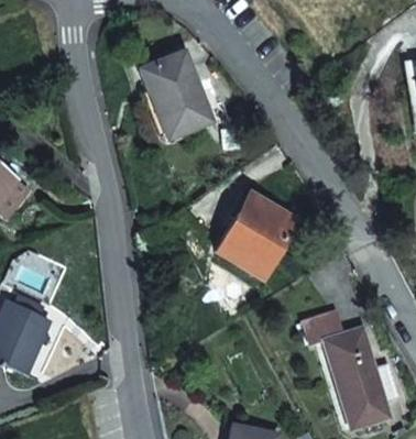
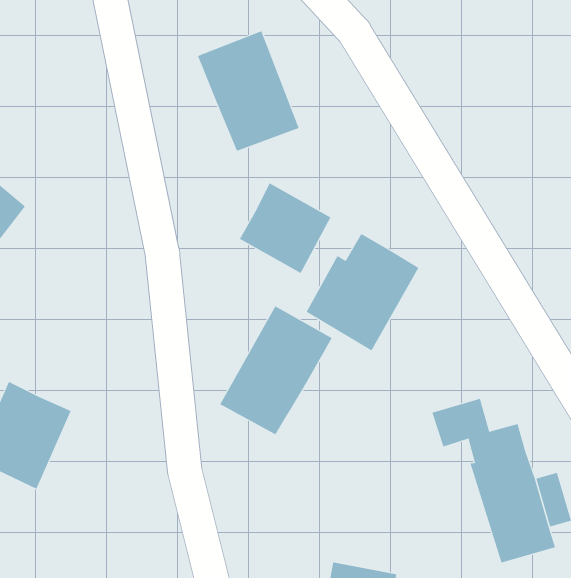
building: none -> [239,183,331,274]
building: none -> [219,305,333,435]

